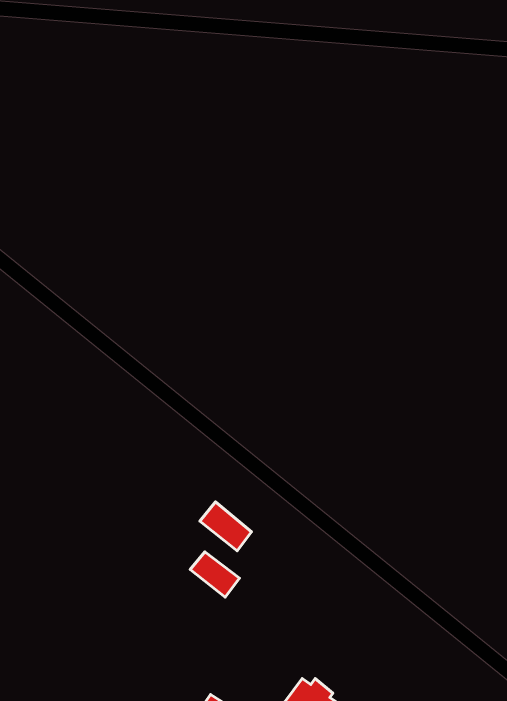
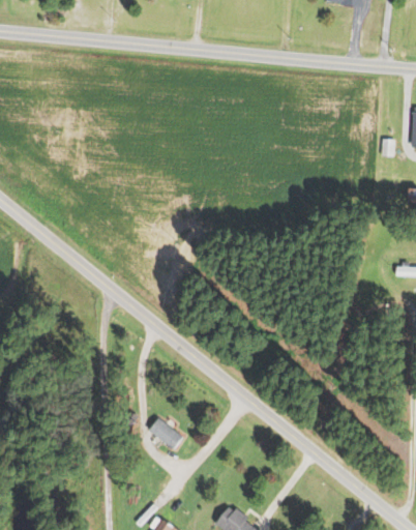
building: [200,502,251,551] -> none

